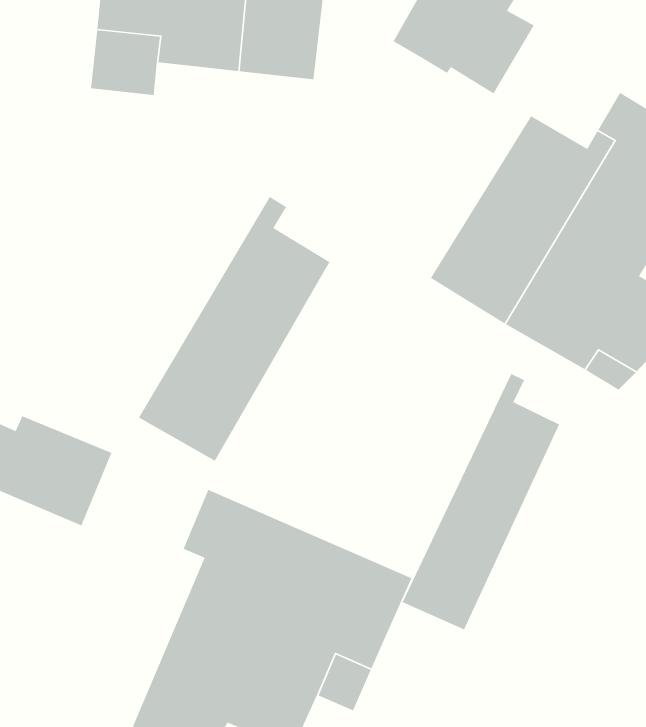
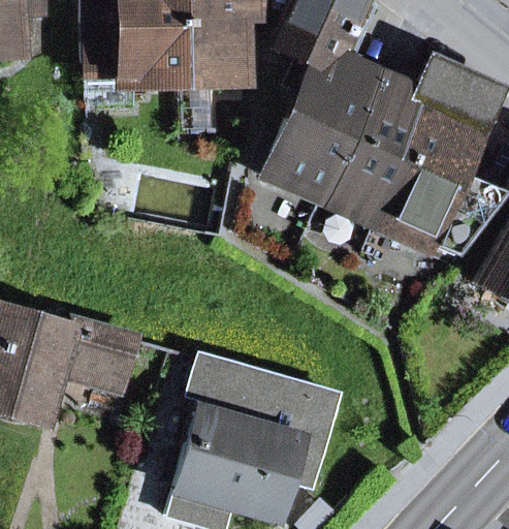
building: none -> [267,57,377,199]
building: [138,196,331,462] -> none
building: [402,373,560,630] -> none

